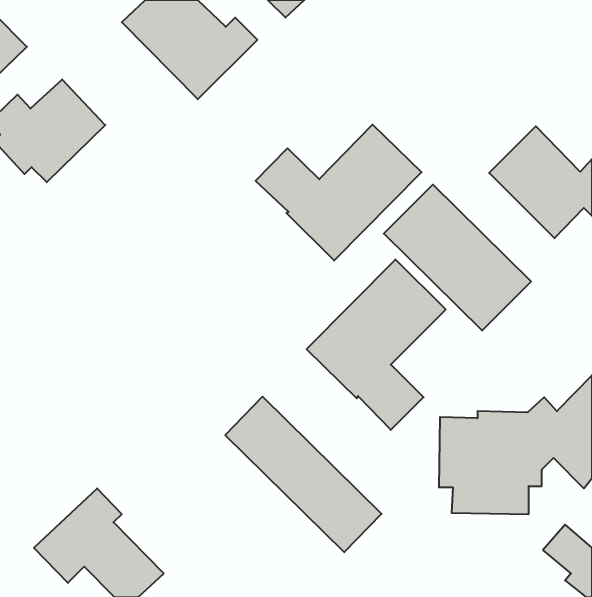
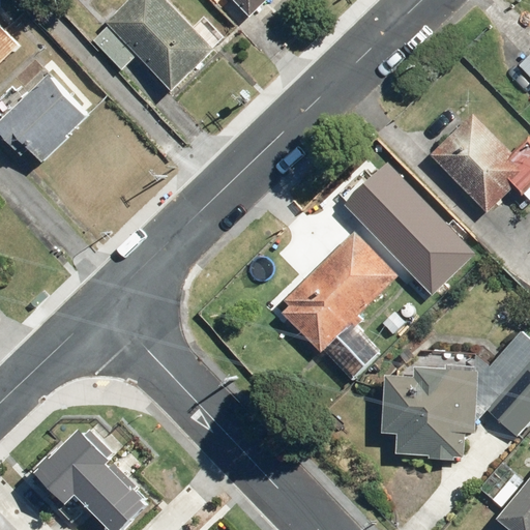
building: [256,125,422,261] -> none
building: [225,397,382,552] -> none

